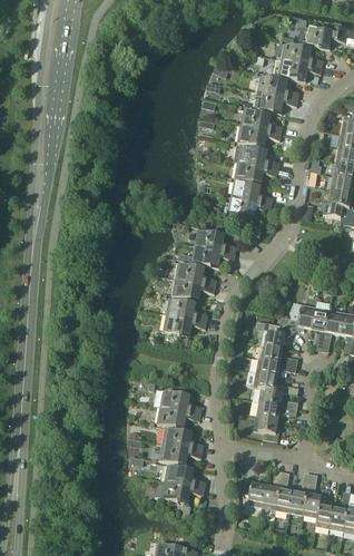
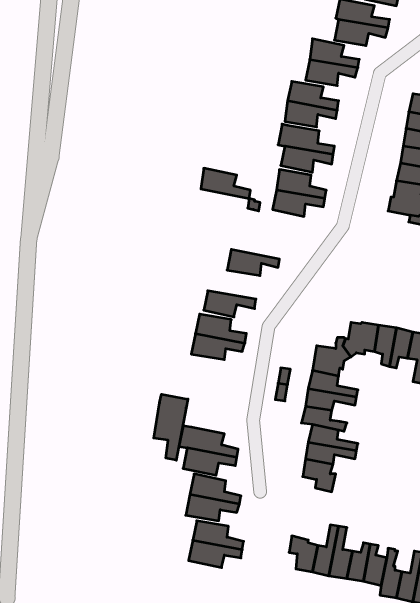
building: [195,228,235,253] -> [201,168,250,198]
building: [176,262,216,285] -> none
building: none -> [154,394,188,460]

